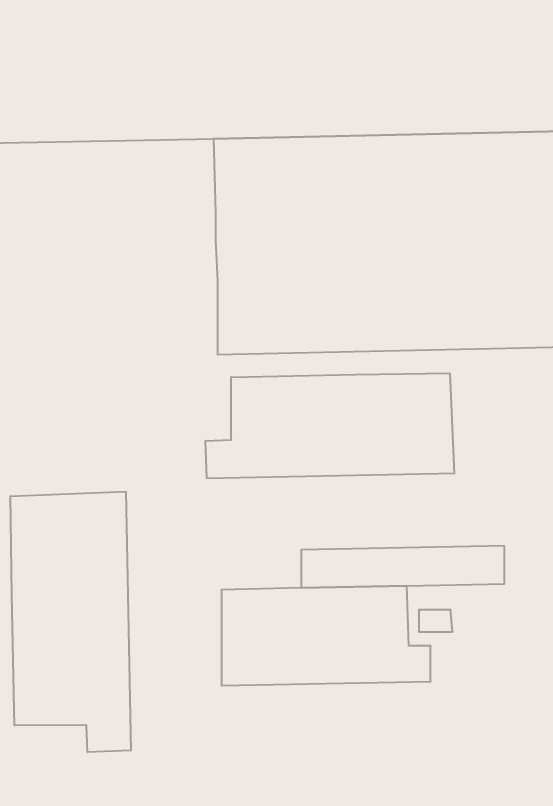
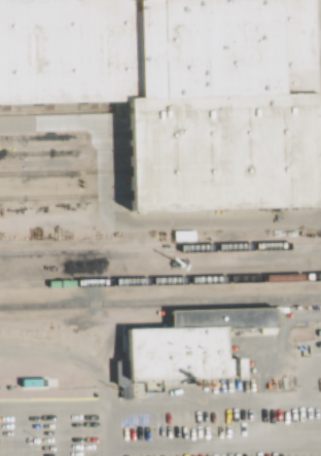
building: [205,373,454,478] -> none
building: [11,492,131,752] -> none

